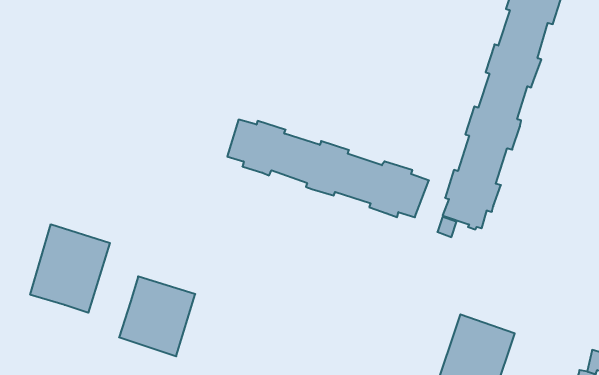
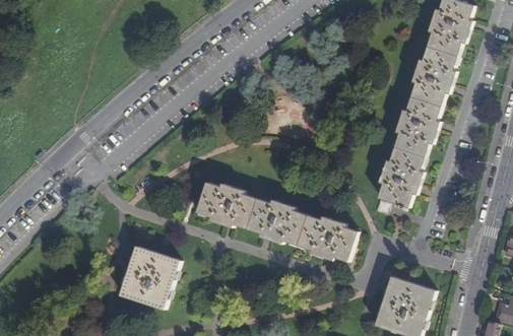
building: [227,120,429,217] -> [197,182,359,260]
building: [30,224,110,313] -> none

